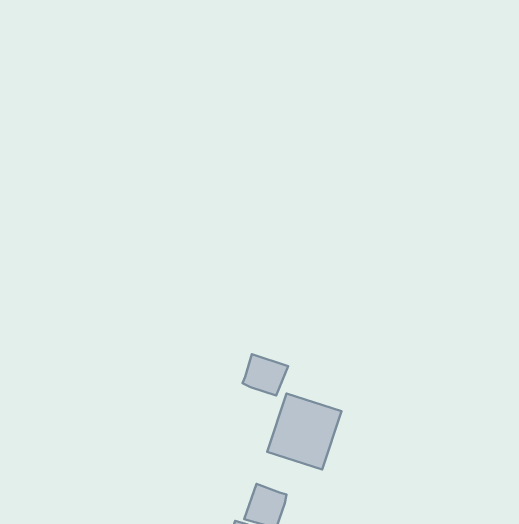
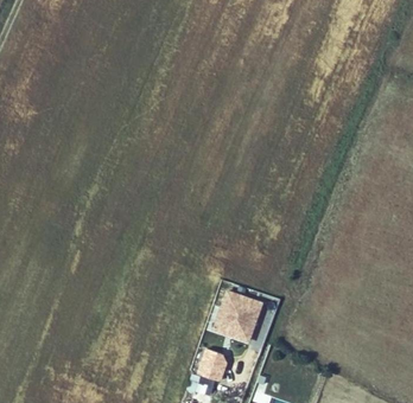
building: [242,354,288,396] -> none

